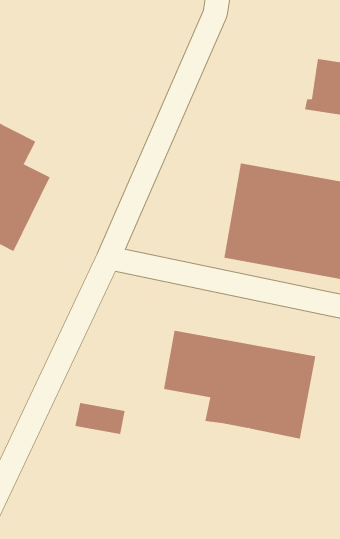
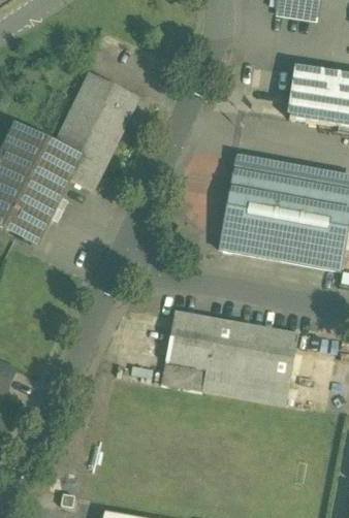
building: none -> [45,72,137,188]
building: [75,402,126,434] -> [162,360,207,388]

